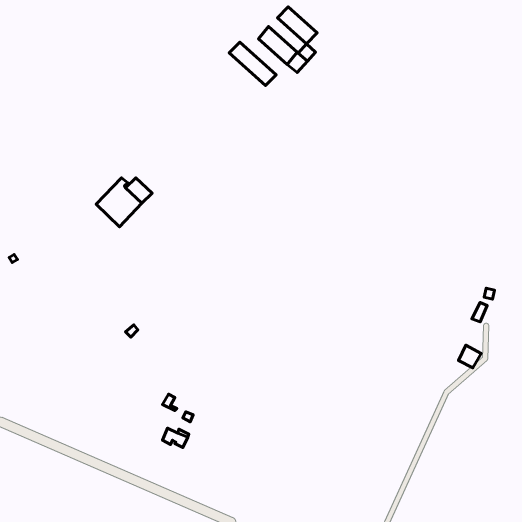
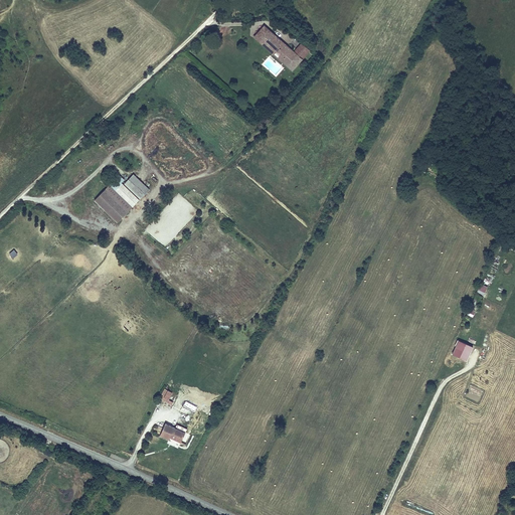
building: [277,7,317,44] -> none
building: [229,42,276,85] -> none

